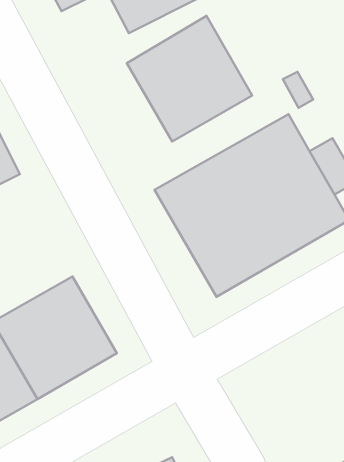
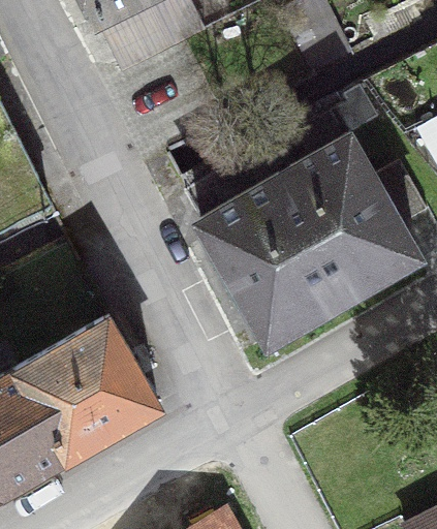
building: [127,16,252,142] -> none

